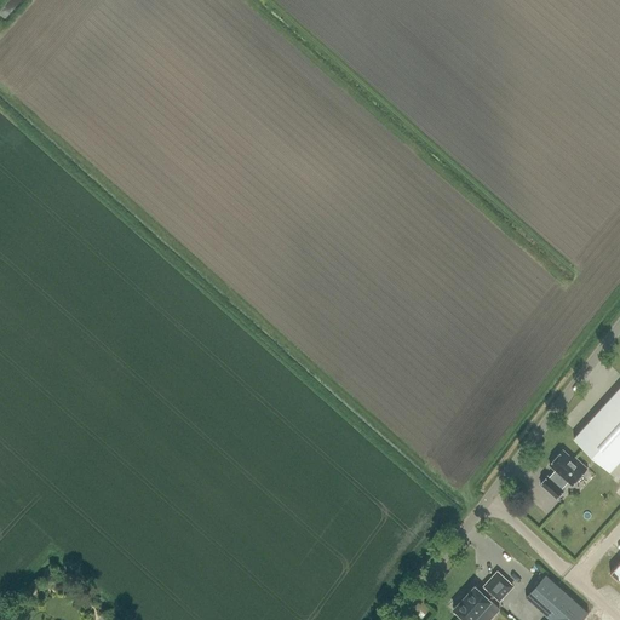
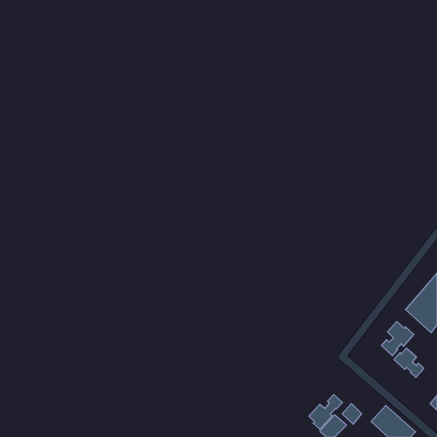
building: none -> [394,348,424,377]
building: none -> [309,395,343,429]

